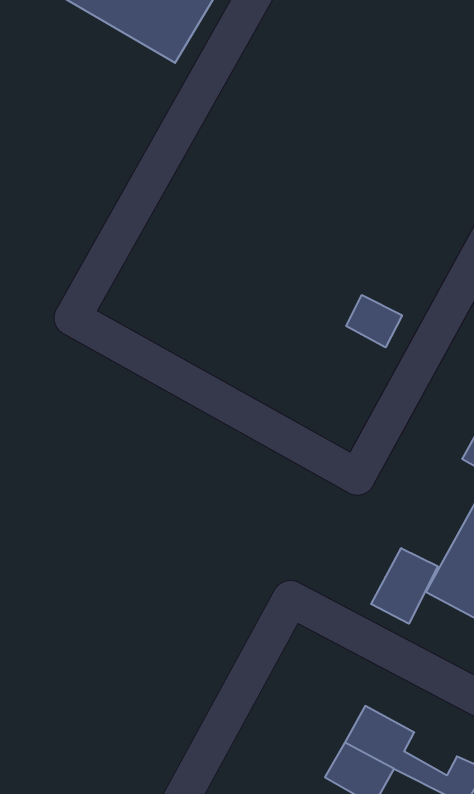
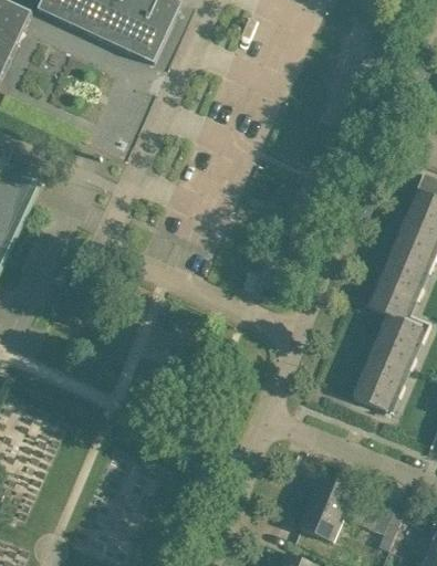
building: [346,295,402,347] -> none
building: [371,548,438,624] -> none

